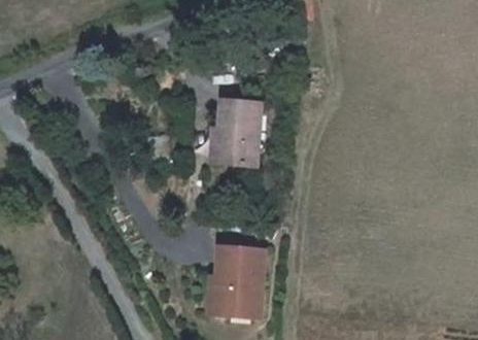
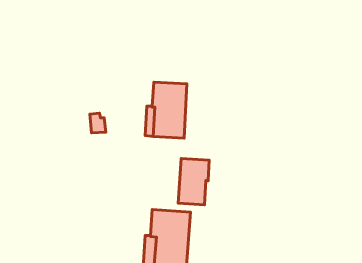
building: none -> [178,158,209,205]

